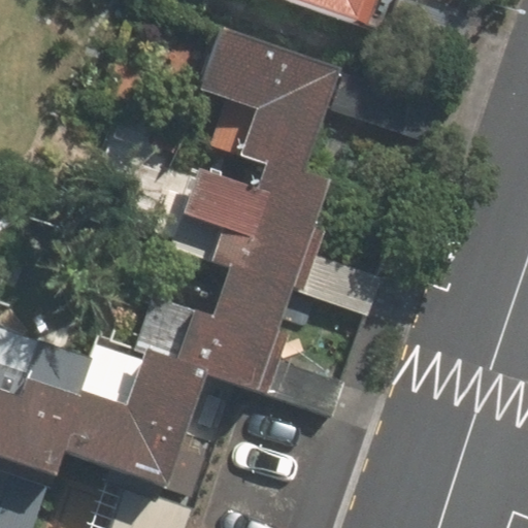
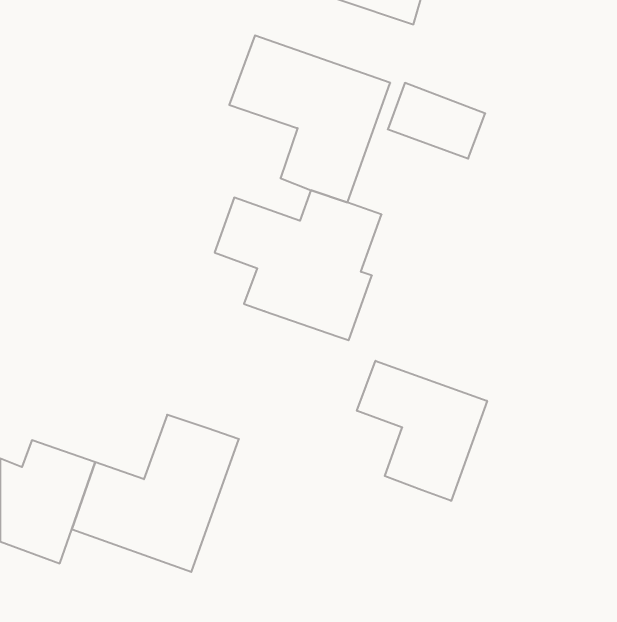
building: [180,263,291,391] -> none
building: none -> [357,361,487,501]

